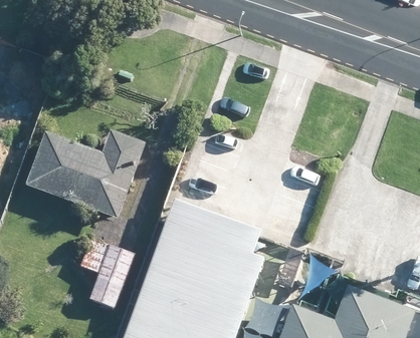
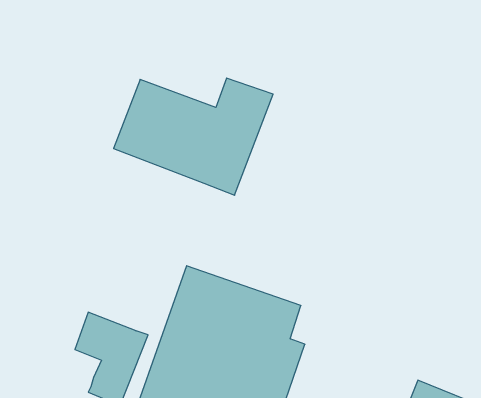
building: [34,130,155,219] -> [114,78,273,195]

